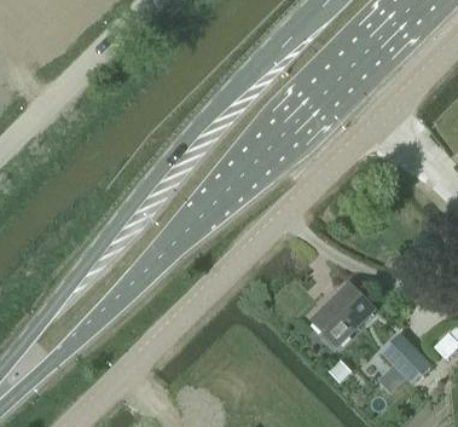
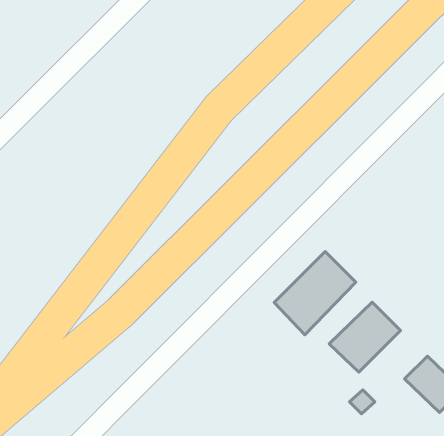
building: none -> [274,252,356,335]

